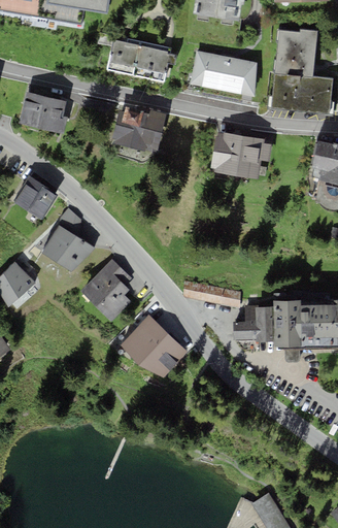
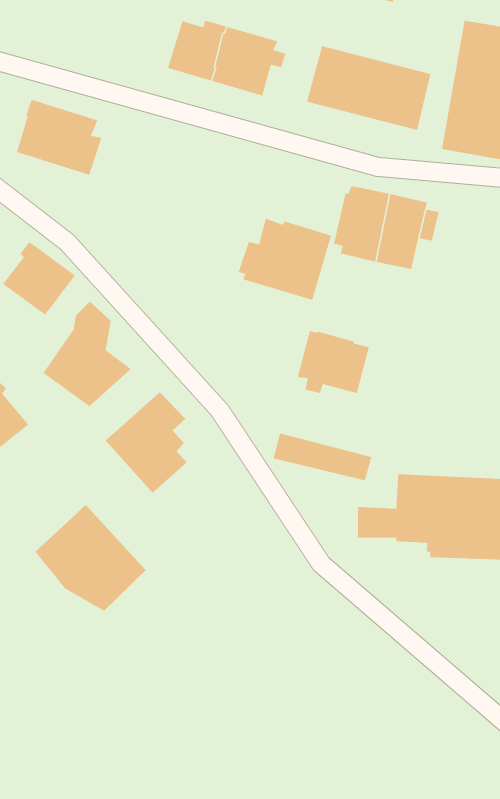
building: [111,105,166,153] -> [238,218,332,301]
building: none -> [297,330,370,394]
building: [121,315,188,377] -> [34,504,147,611]

